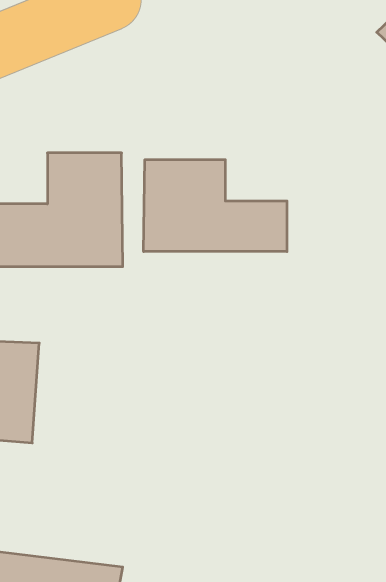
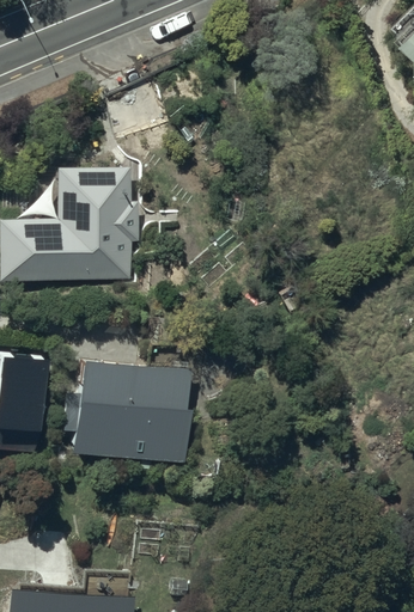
building: [144,160,287,252] -> none
building: none -> [68,351,193,463]

